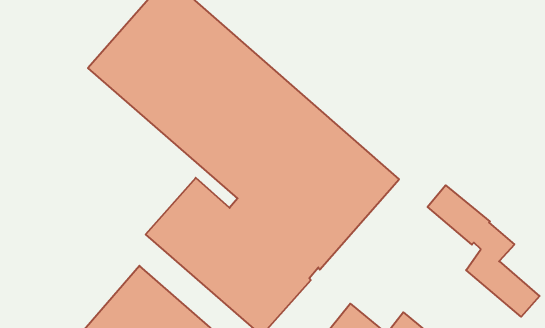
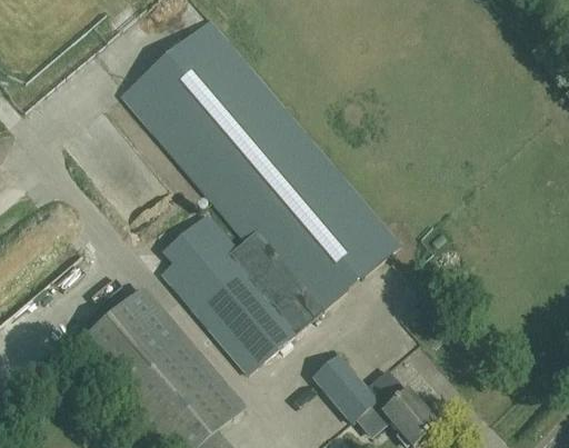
building: [428,185,540,317] -> none

